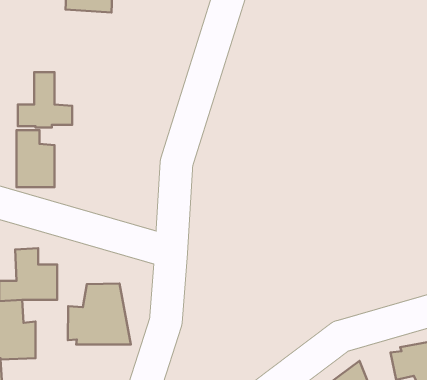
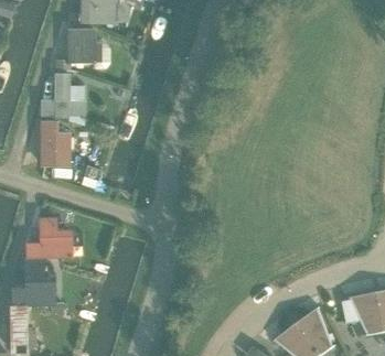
building: none -> [53,26,109,68]
building: [68,283,131,345] -> none

